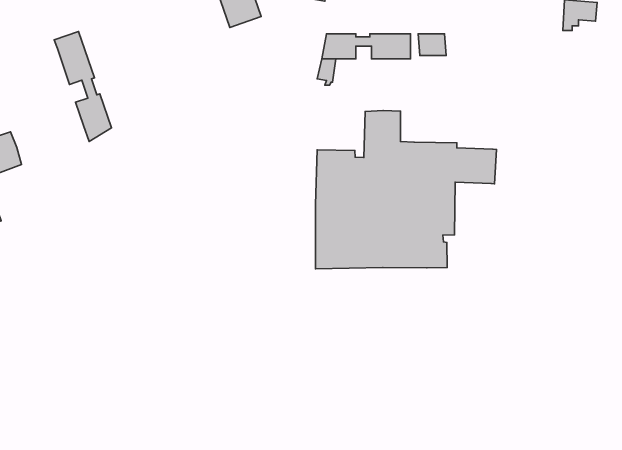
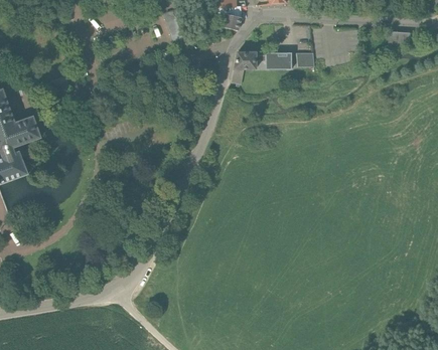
building: [54,31,112,141] -> none
building: [316,110,496,269] -> none

